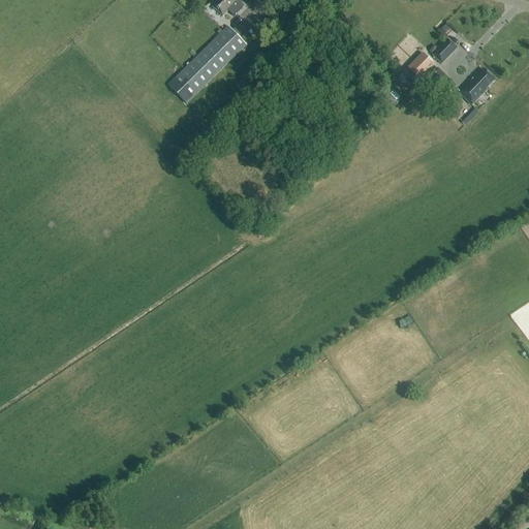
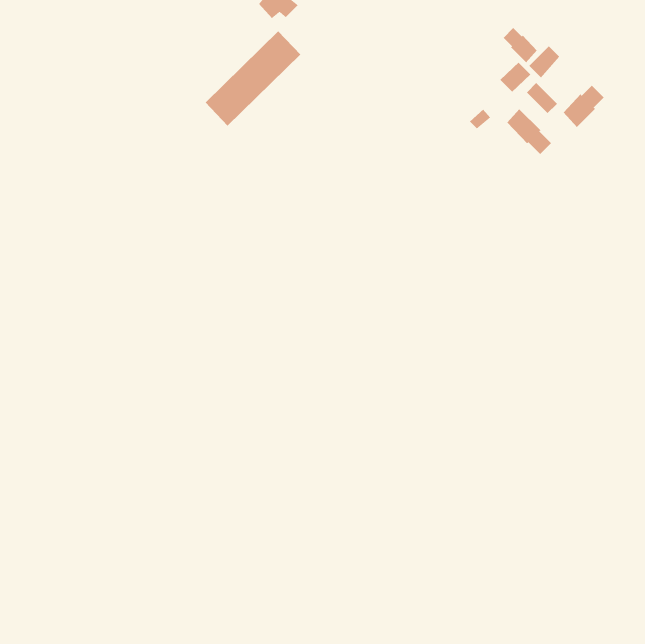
building: none -> [503,27,538,63]
building: none -> [507,108,552,155]

